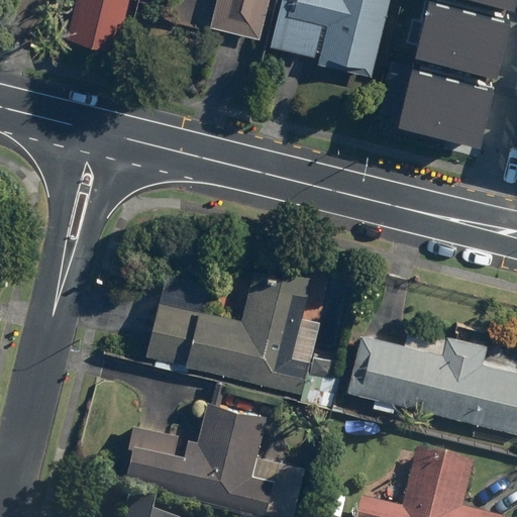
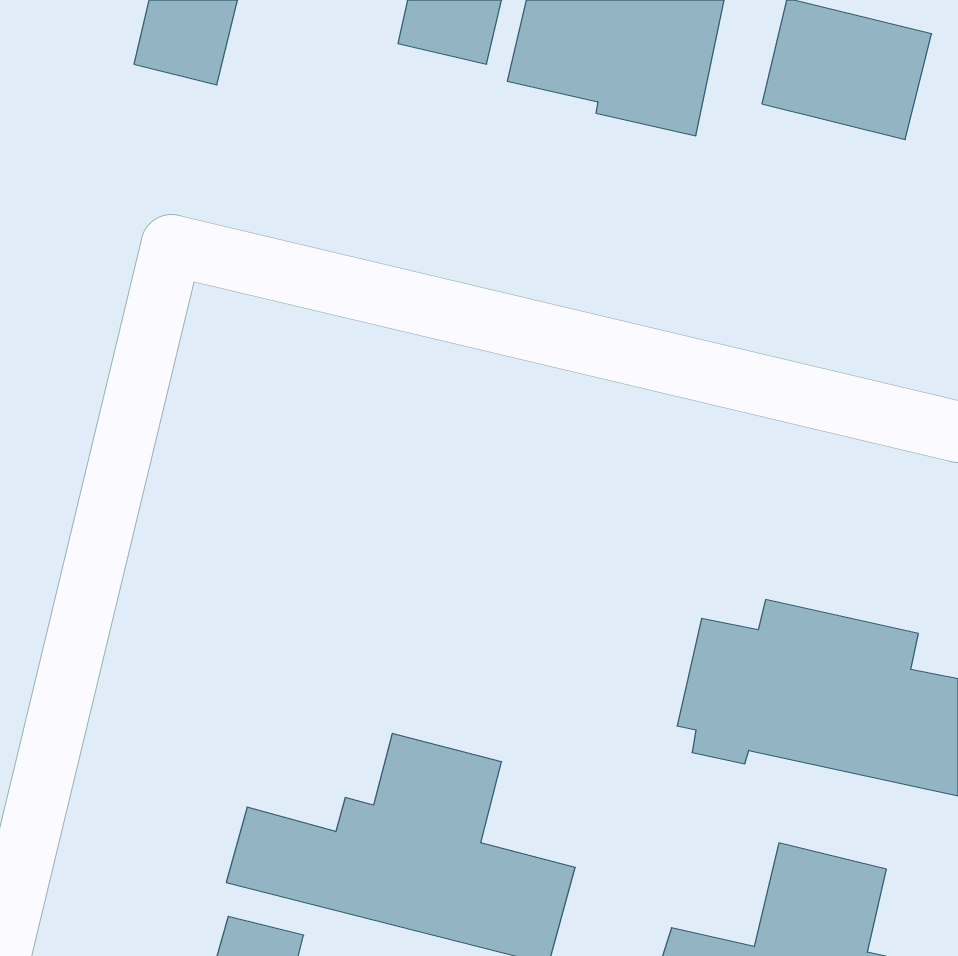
building: [390,73,481,145] -> none
building: [147,258,327,395] -> none

